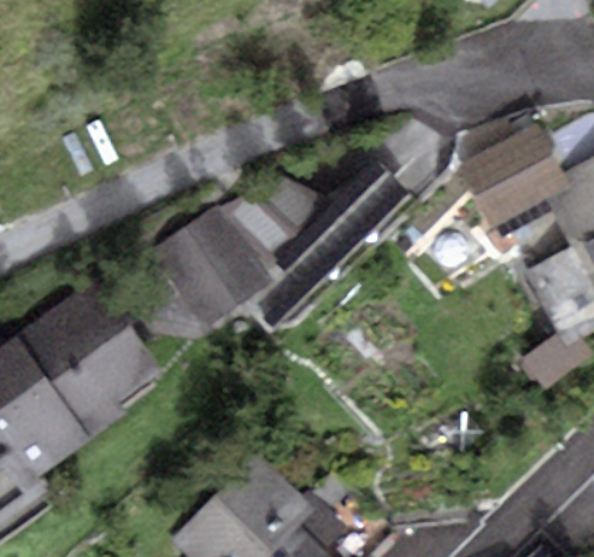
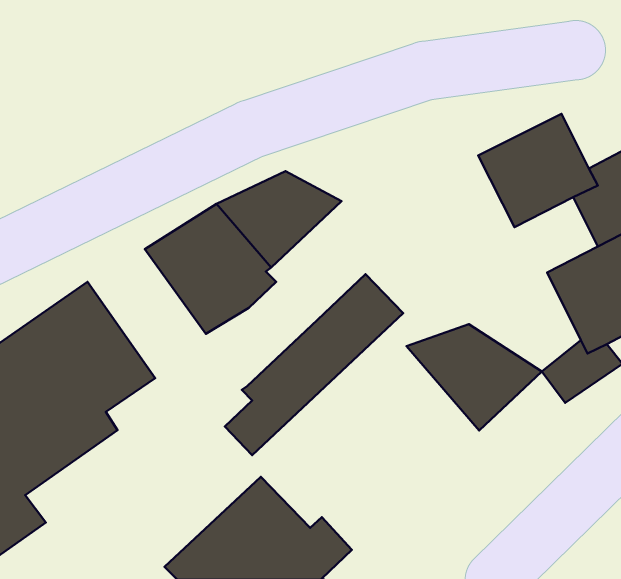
building: [246,162,411,329] -> [225,274,403,455]
building: none -> [407,324,542,430]

